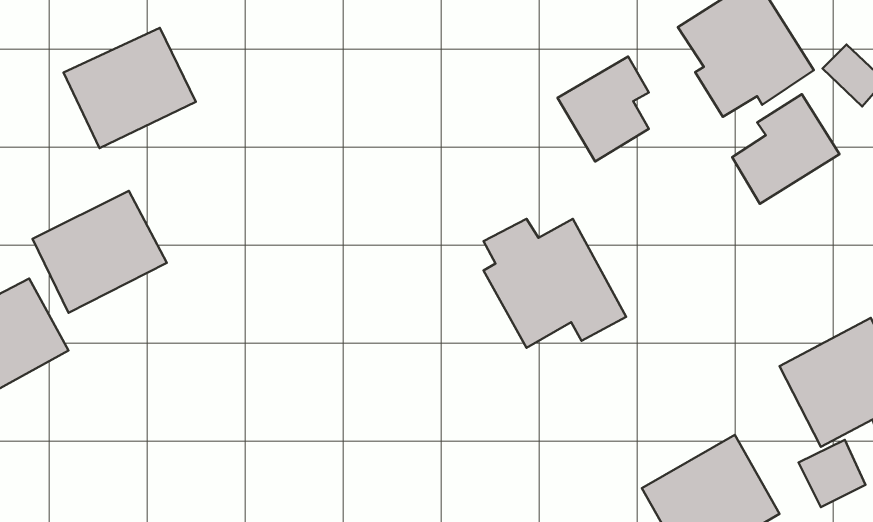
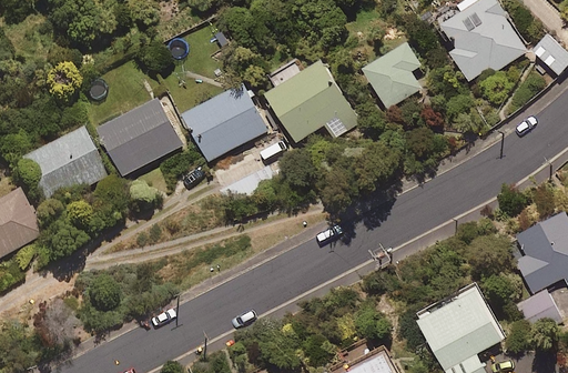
building: [63,28,196,148] -> [101,97,186,174]
building: [732,94,839,204] -> none
building: none -> [187,82,272,160]
building: [483,219,626,348] -> [270,58,362,141]

